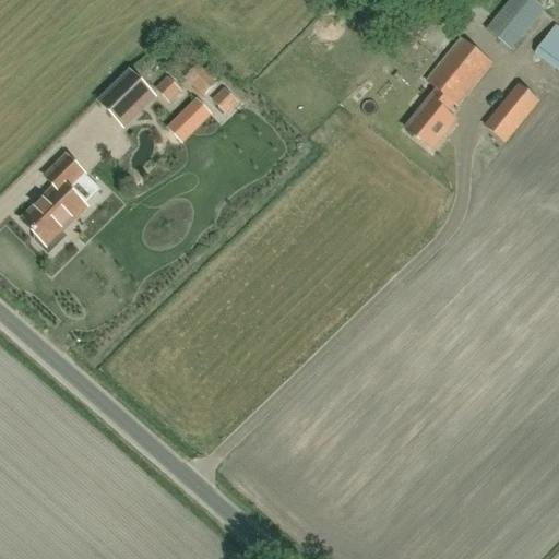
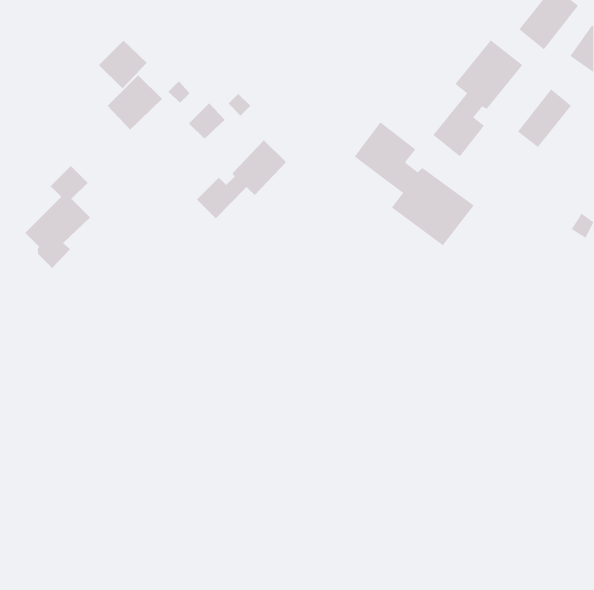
building: none -> [98,40,148,89]
building: none -> [354,122,474,246]
building: none -> [196,139,287,219]

